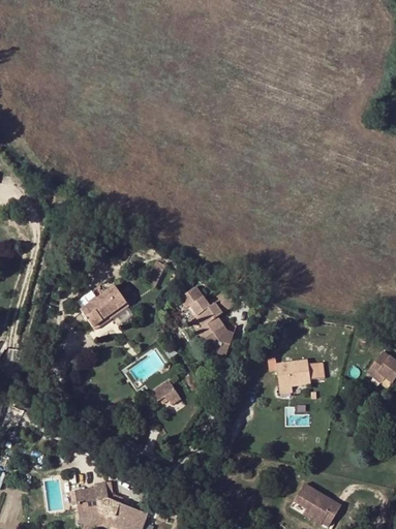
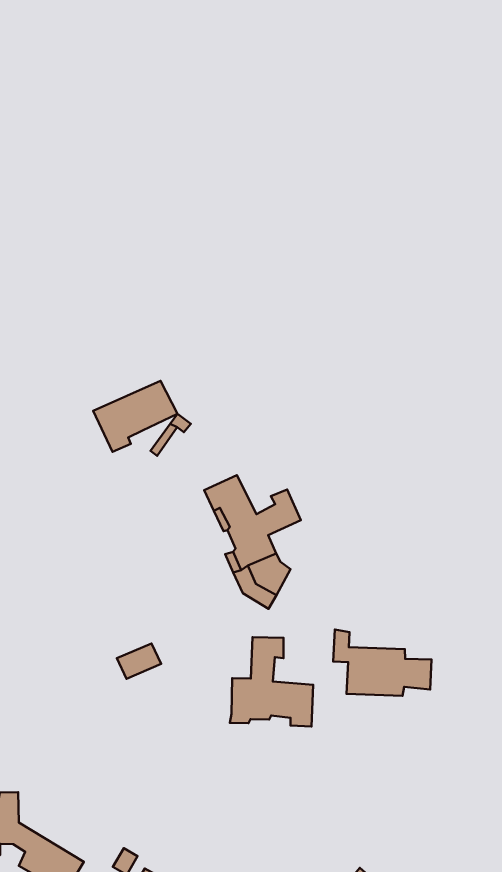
building: [81,283,127,326] -> [93,381,178,452]
building: none -> [230,637,313,727]

